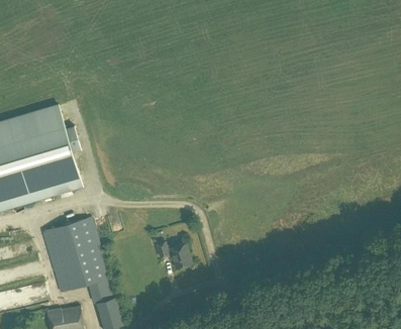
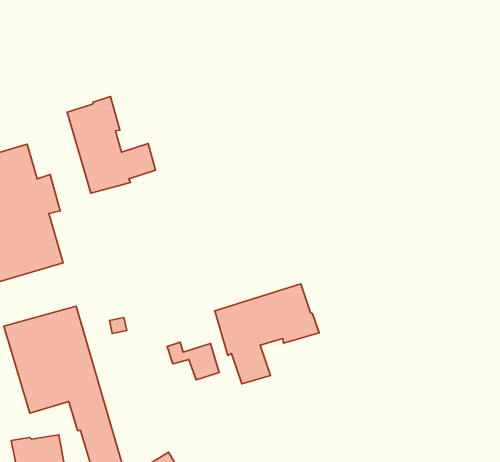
building: none -> [67,97,155,193]
building: none -> [215,284,319,384]

